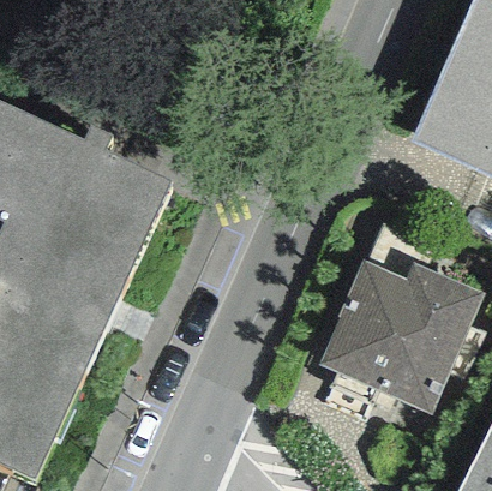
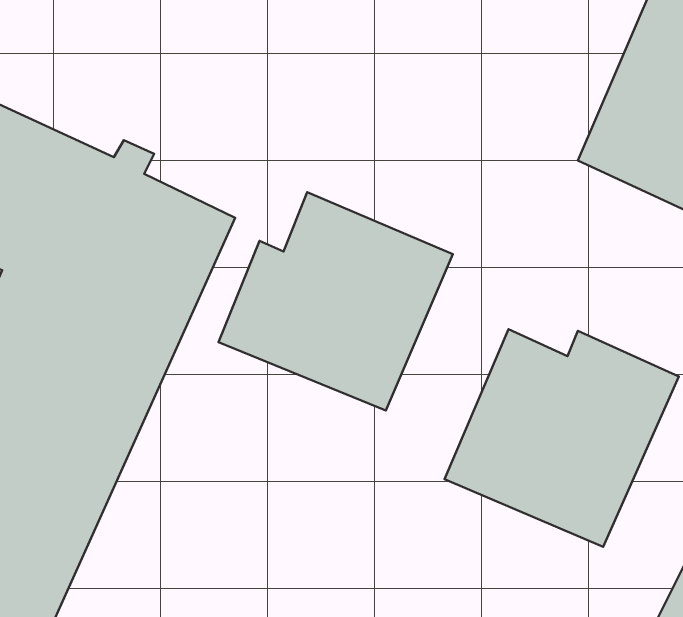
building: none -> [218,192,453,411]

